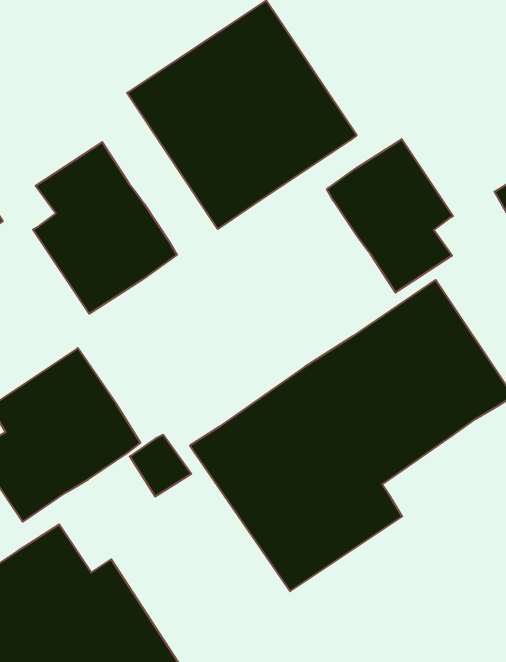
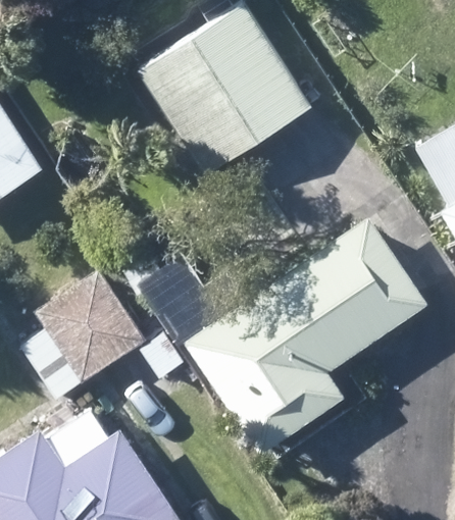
building: [327,139,453,293] -> none
building: [33,142,177,314] -> none

